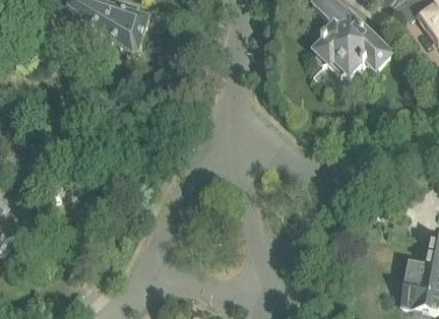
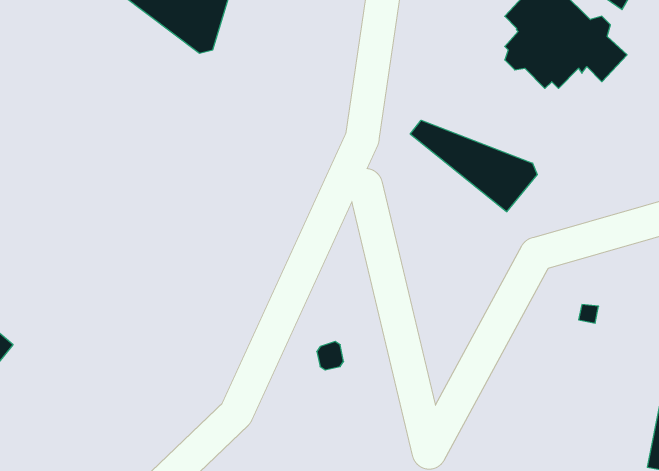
building: none -> [410,120,537,212]

